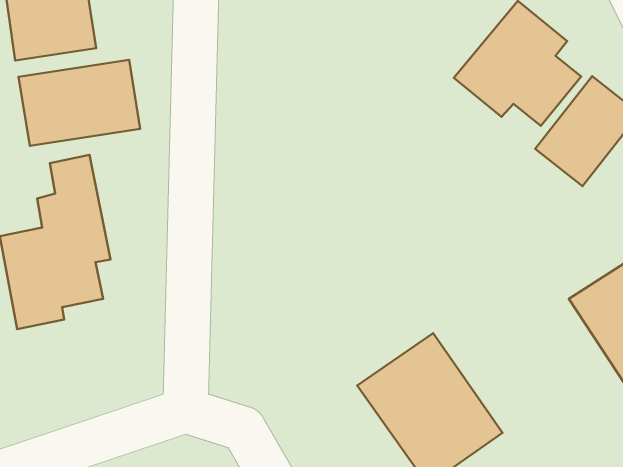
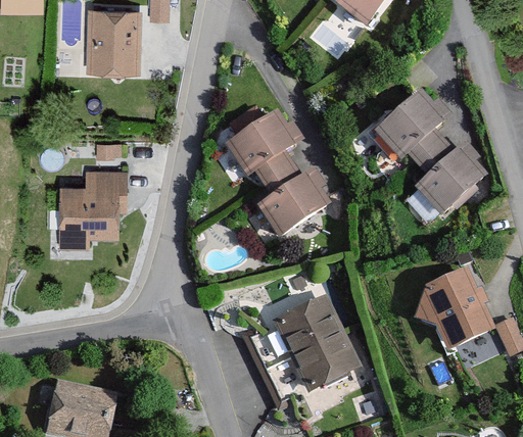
building: [19,60,140,146] -> none
building: none -> [222,109,337,240]

